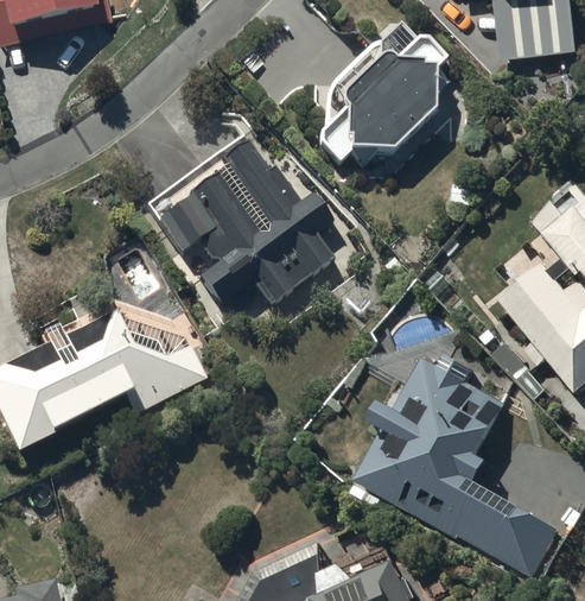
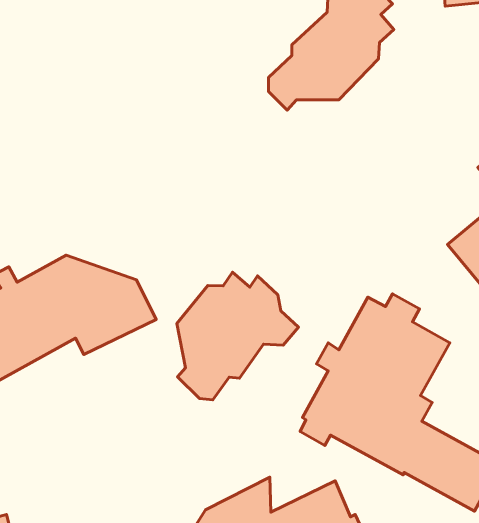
building: [158,143,332,308] -> none
building: none -> [177,272,298,400]

